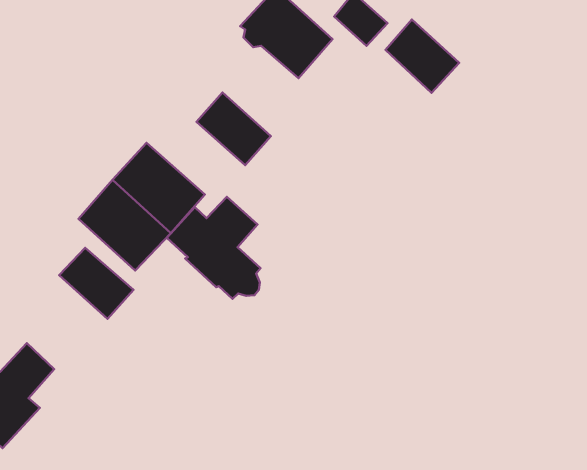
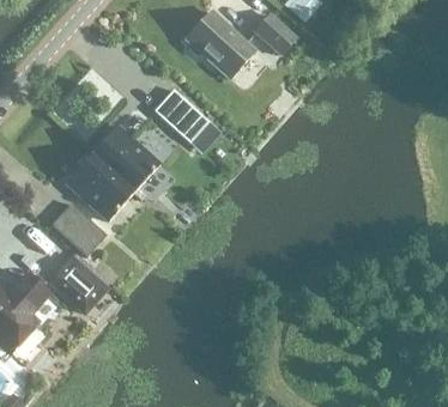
building: [386,20,459,93] -> none
building: [167,197,260,299] -> none
building: none -> [48,256,105,312]

